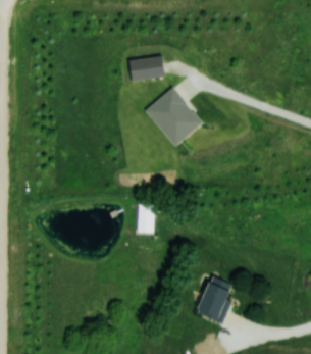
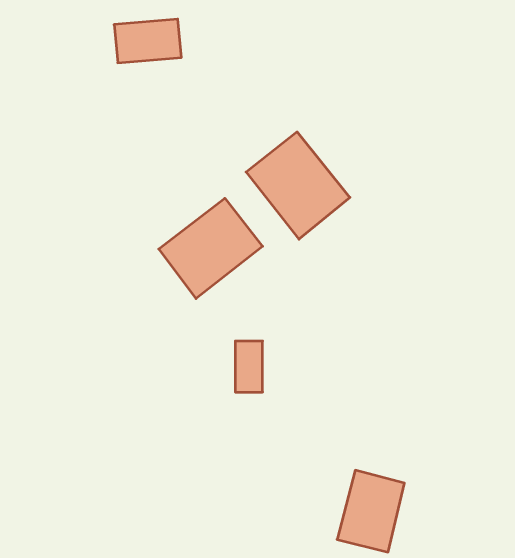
building: [128,56,166,81] -> [114,19,181,63]
building: none -> [159,198,263,299]

